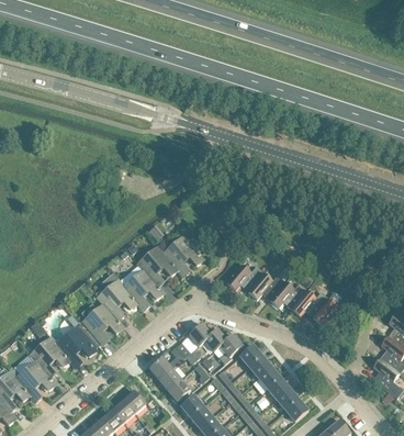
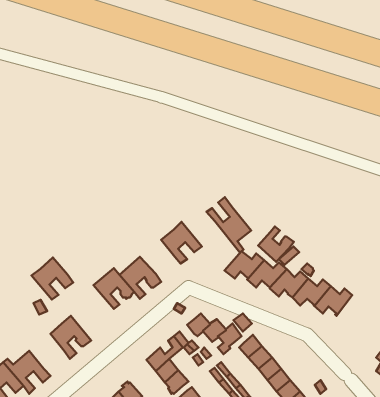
building: none -> [207,197,251,253]
building: none -> [258,226,294,262]
building: [137,246,177,286] -> none
building: [82,303,123,344] -> [31,257,73,299]
building: [30,337,69,378] -> none

